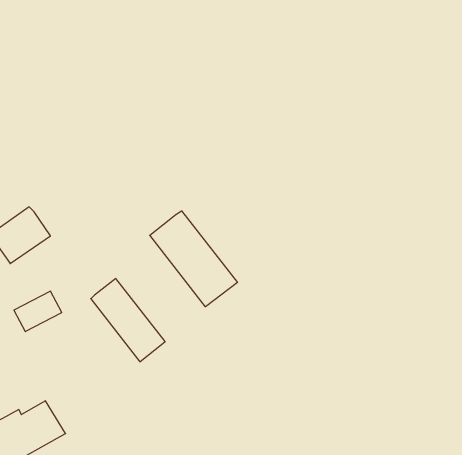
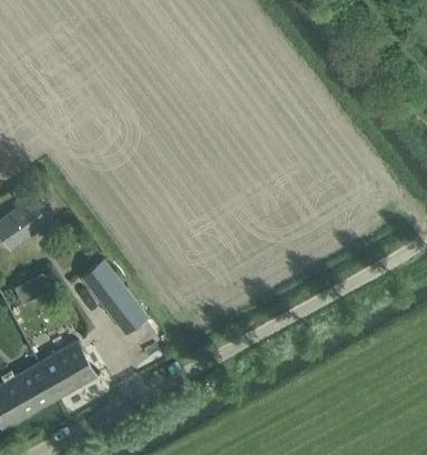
building: [150,211,237,307] -> none
building: none -> [41,343,94,397]

